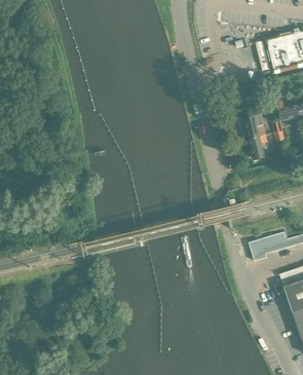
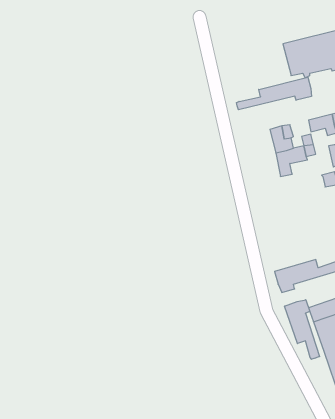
building: none -> [237,77,311,110]
building: none -> [285,300,320,359]

